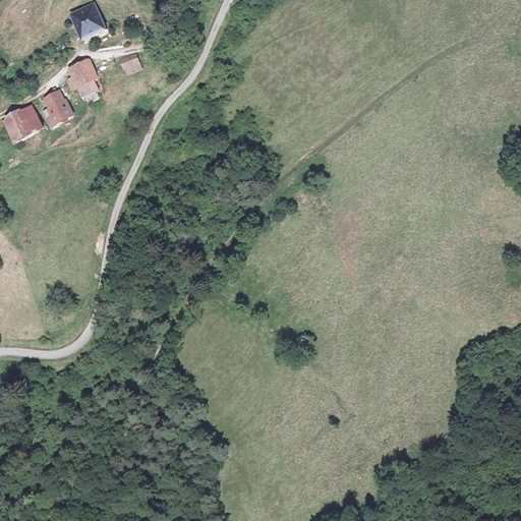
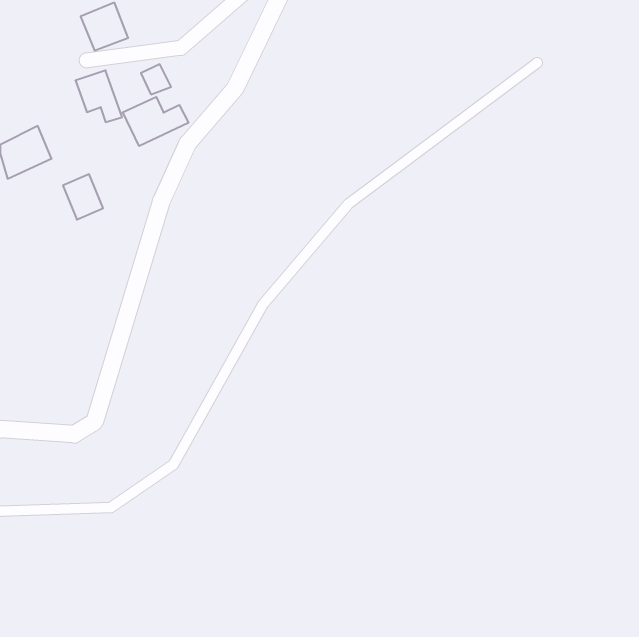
building: none -> [123,97,188,146]
building: [40,88,72,124] -> [63,174,103,220]

